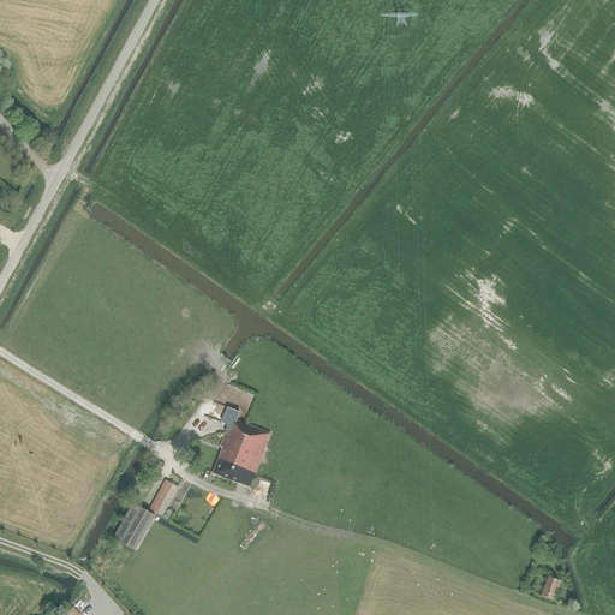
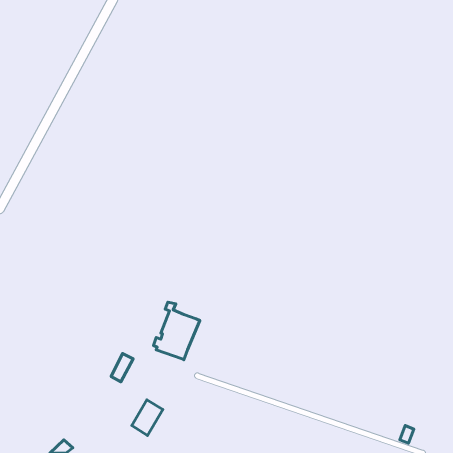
building: [112,502,154,550] -> [132,400,163,435]

